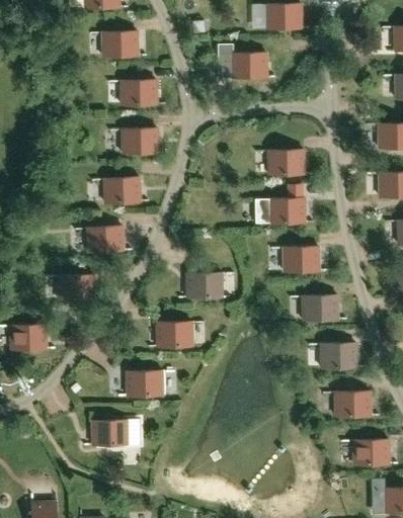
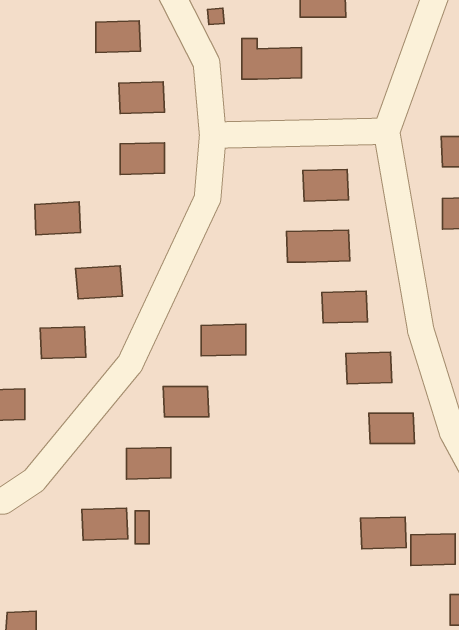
building: [103,177,140,203] -> [35,202,80,235]
building: [334,392,371,417] -> [361,517,406,549]

